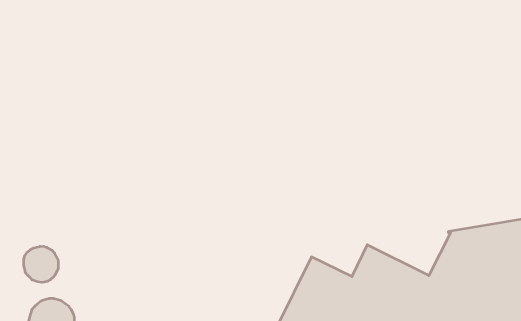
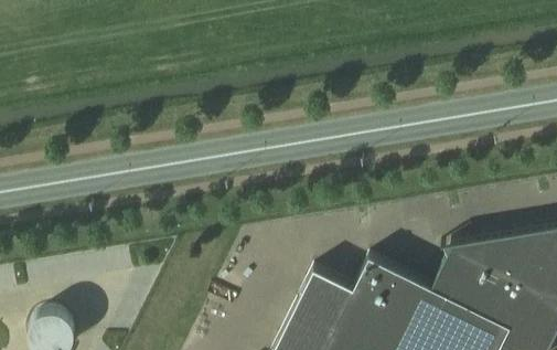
building: [24,246,58,282] -> none

